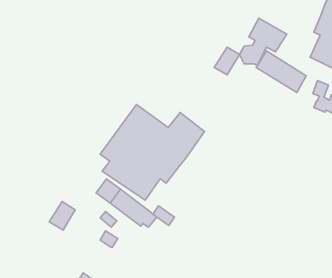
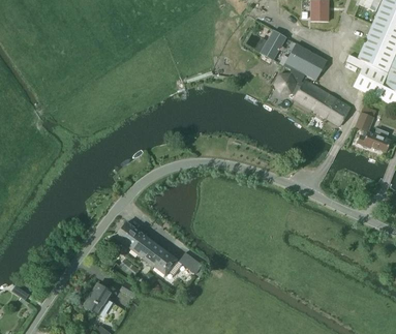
building: [214,47,239,75] -> [260,30,287,61]
building: [100,105,205,200] -> none
building: [49,201,75,230] -> [84,283,113,315]

